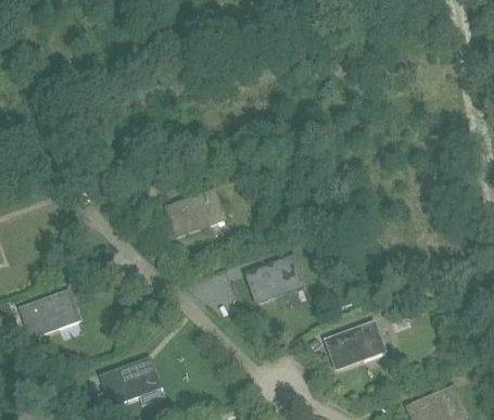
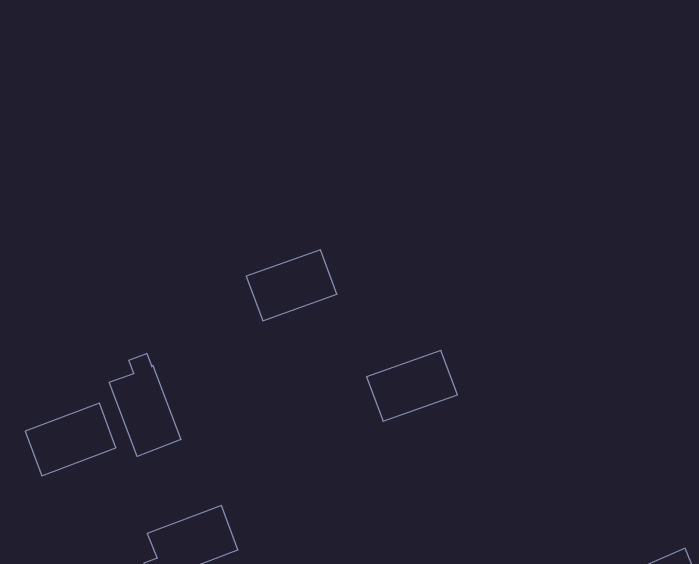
building: none -> [109,353,181,456]
building: [325,321,384,368] -> none

